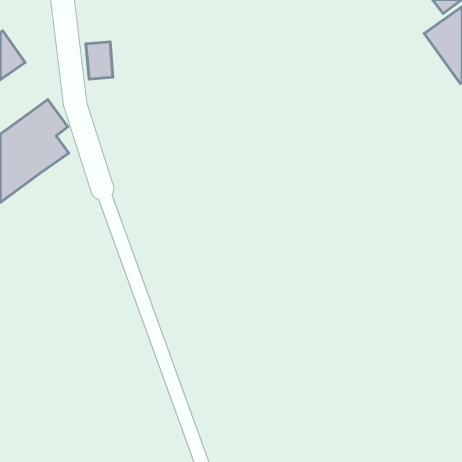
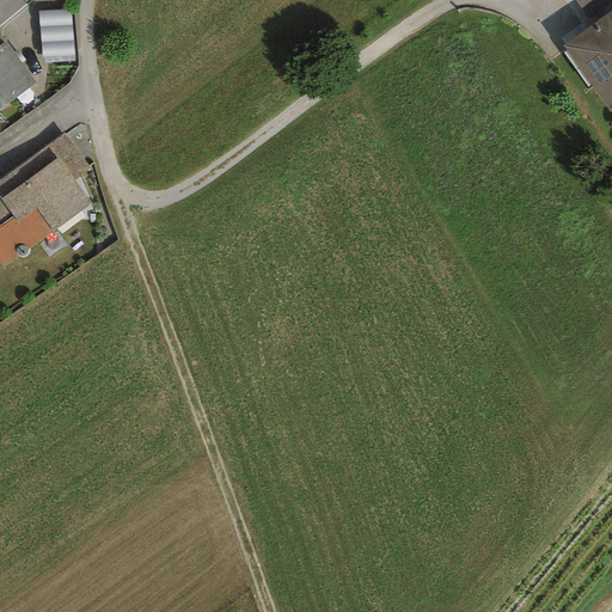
building: [86,42,113,79] -> [37,7,73,56]

